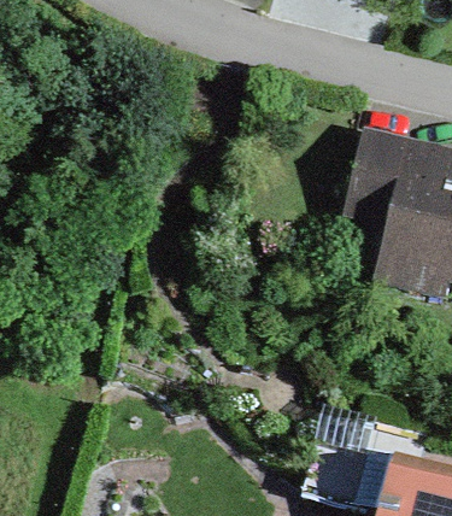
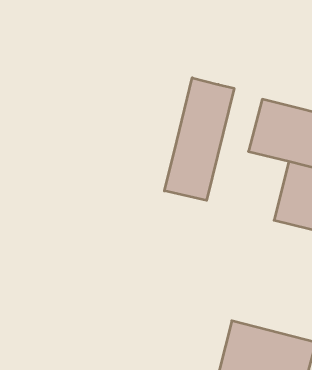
building: none -> [164,78,234,200]

